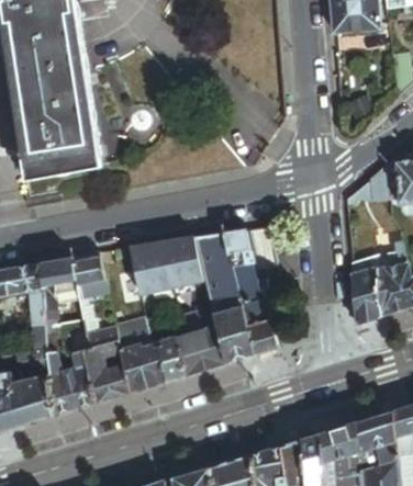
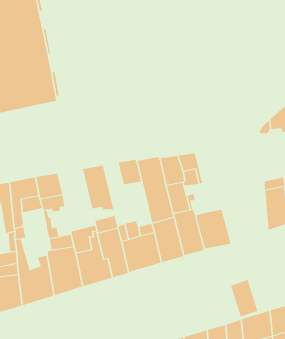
building: [155,239,206,297] -> none
building: none -> [195,209,231,249]
building: none -> [230,279,258,317]

